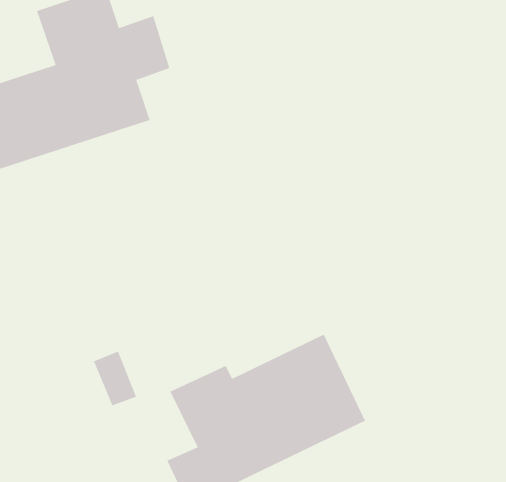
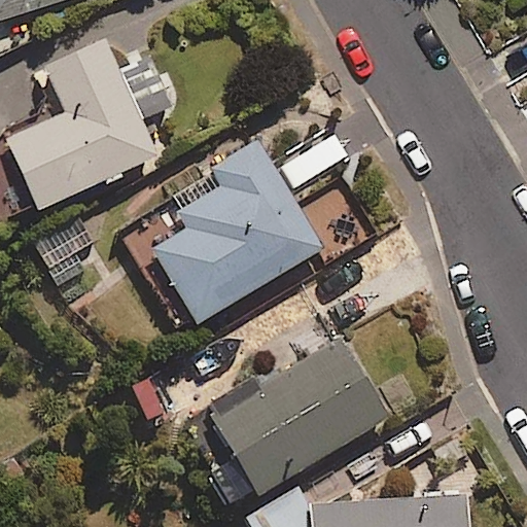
building: none -> [154,142,323,324]

